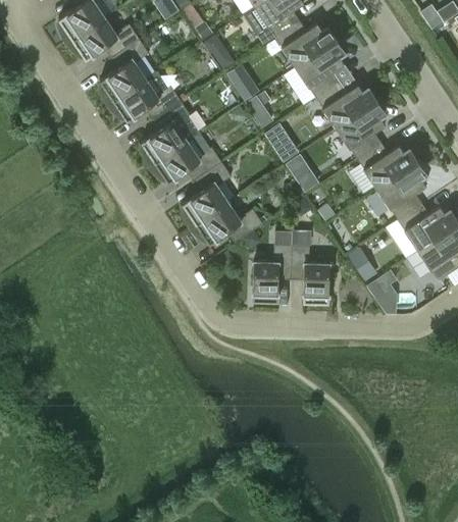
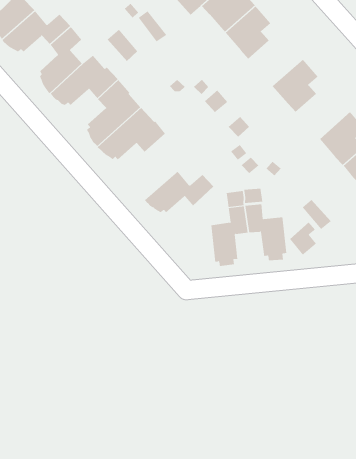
building: [227,64,258,99] -> [107,29,138,62]
building: [316,81,372,127] -> none
building: [357,142,413,189] -> none
building: [182,161,232,226] -> none
building: [369,270,398,304] -> [289,222,317,255]

